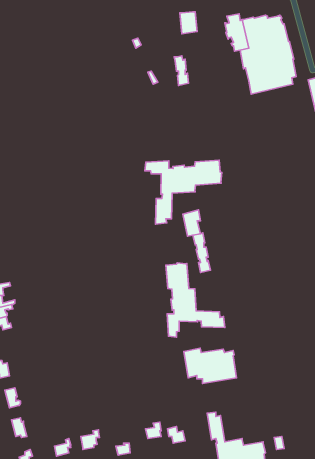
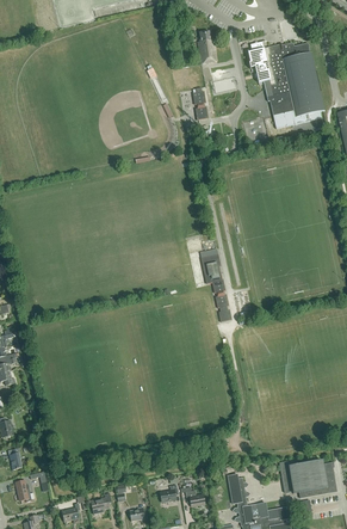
building: [145,160,222,224] -> none
building: [166,263,225,337] -> none
building: [184,348,236,383] -> [279,459,336,497]

